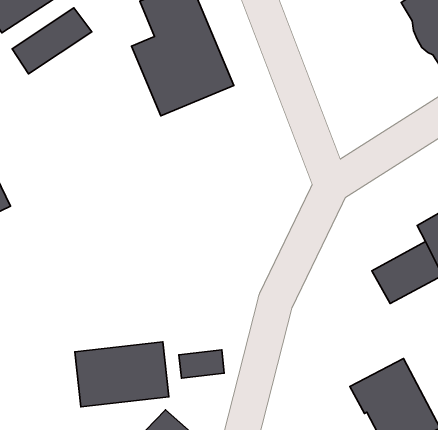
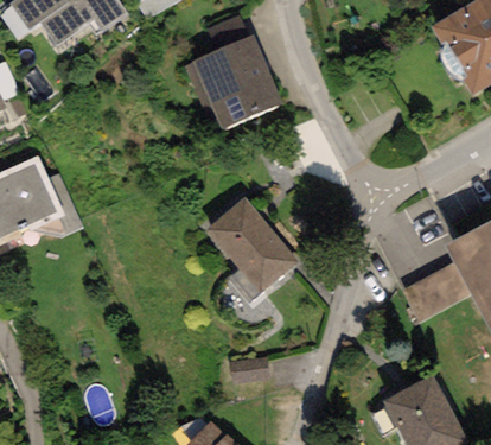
building: [12,8,92,74] -> none
building: none -> [206,199,298,297]
building: [75,342,169,407] -> none

